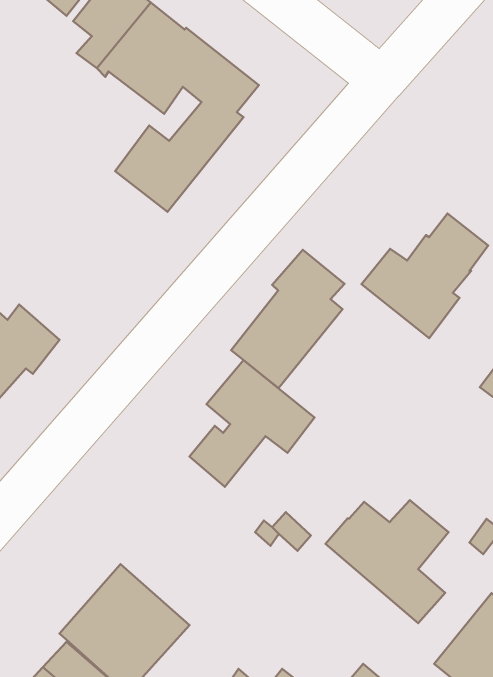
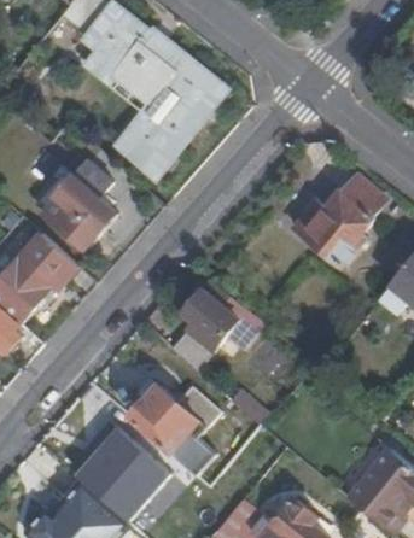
building: none -> [56,163,115,248]
building: [231,250,344,388] -> none
building: [325,500,449,623] -> [128,385,216,473]

